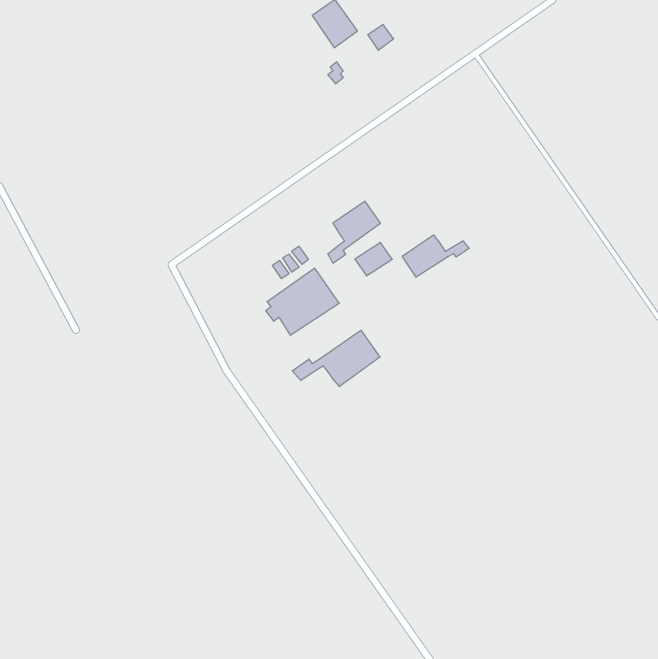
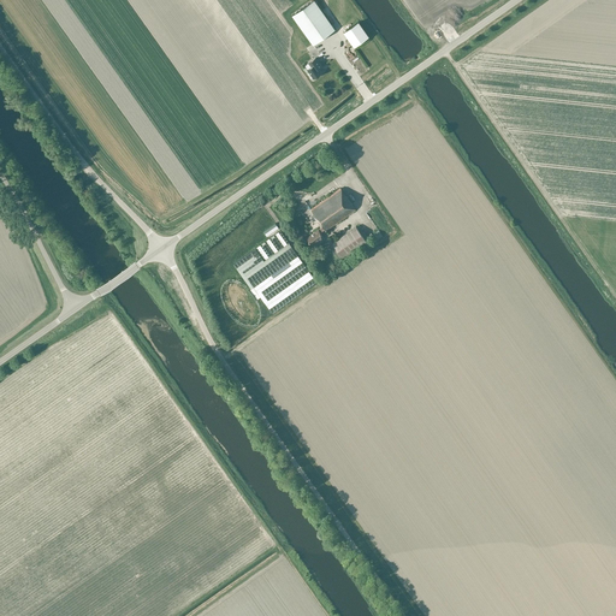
building: [402,235,469,277] -> none
building: [292,330,380,387] -> none

